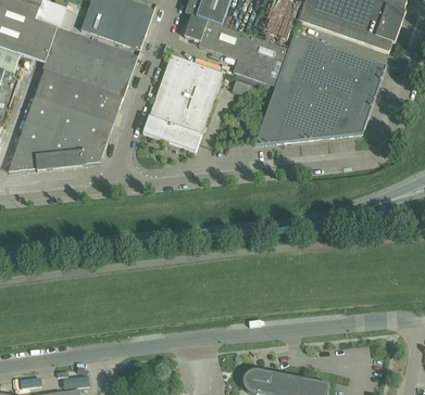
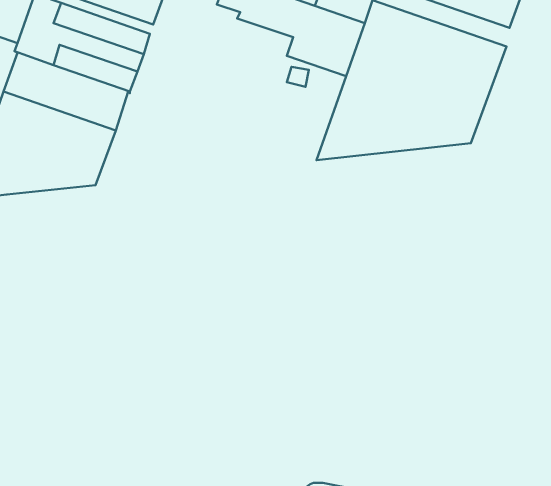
building: [142,53,223,150] -> none

